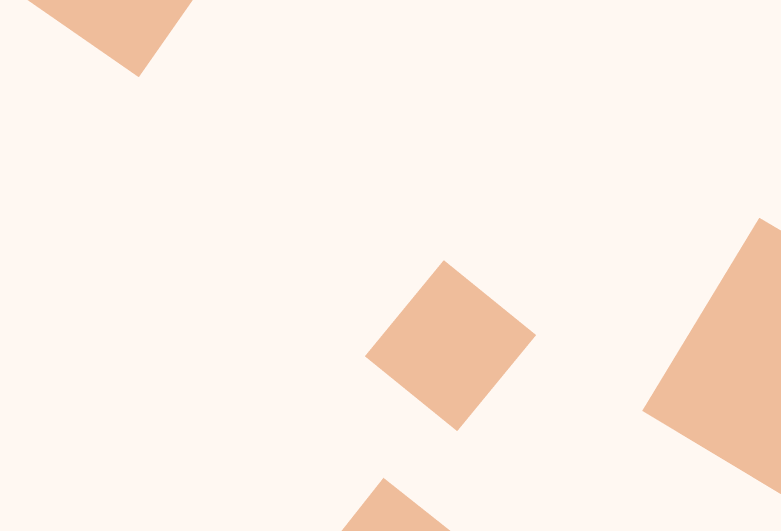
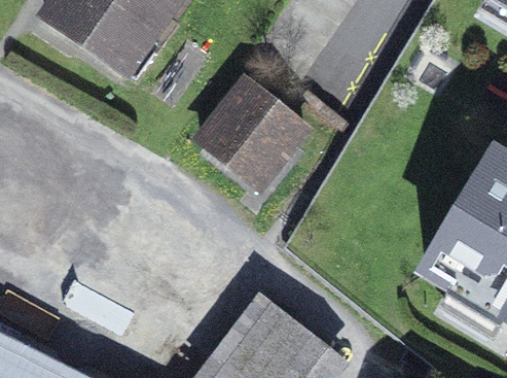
building: [364,259,537,432] -> [202,81,304,184]

